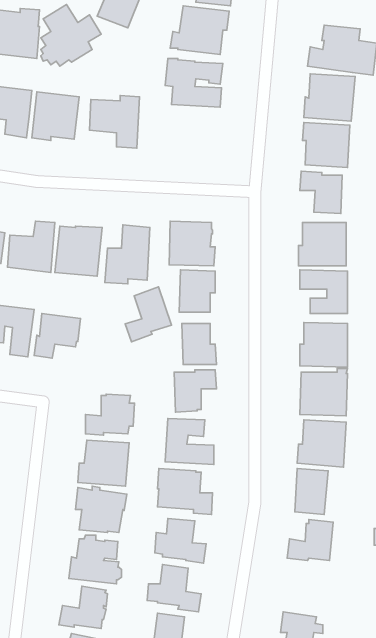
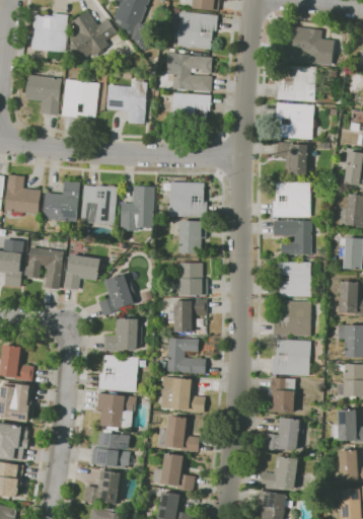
building: none -> [170,92,210,129]
building: [125,287,171,342] -> [97,273,134,316]
building: none -> [261,457,297,491]

